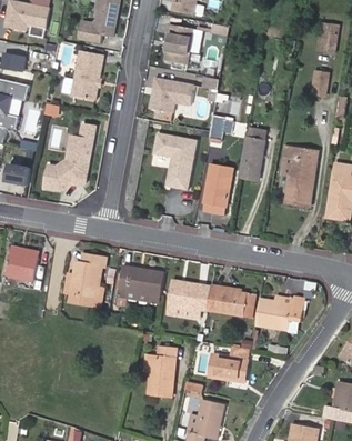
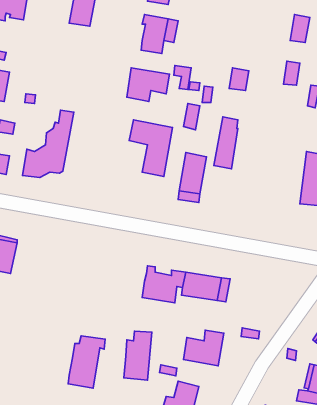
building: [72,50,104,99] -> none
building: [282,148,318,201] -> none
building: [69,252,107,305] -> [68,336,105,388]
building: [119,265,164,301] -> none
building: [255,295,305,330] -> none

